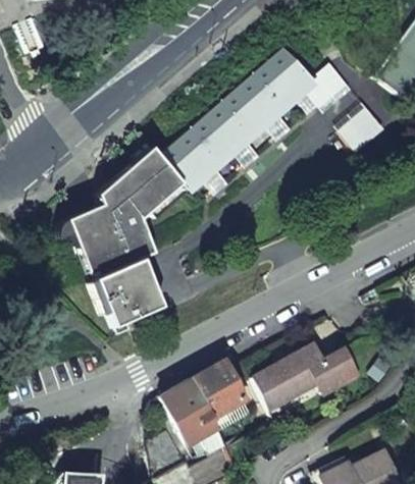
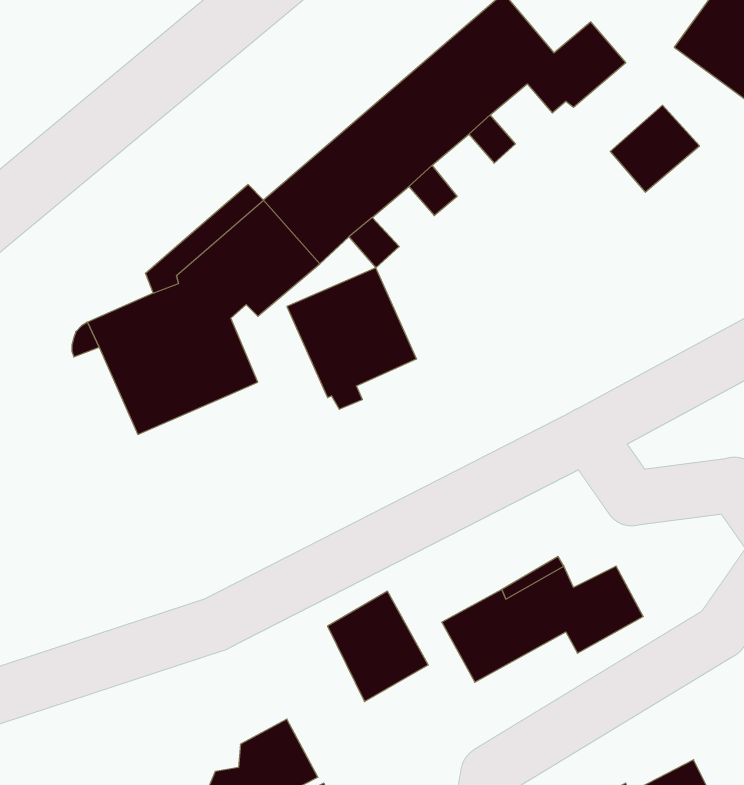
building: [93,258,161,332] -> [287,268,417,409]
building: [161,379,225,450] -> none

